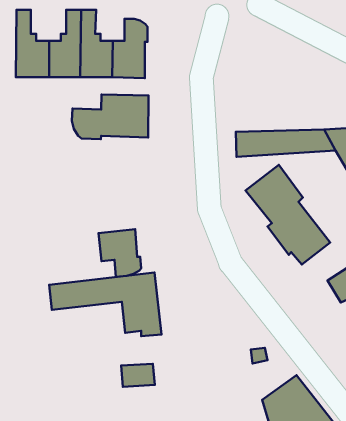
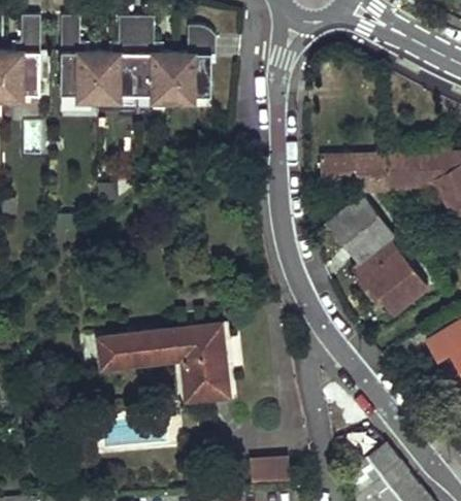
building: [72,95,149,139] -> none
building: [98,229,141,277] -> none
building: [121,364,155,387] -> [251,459,290,486]

